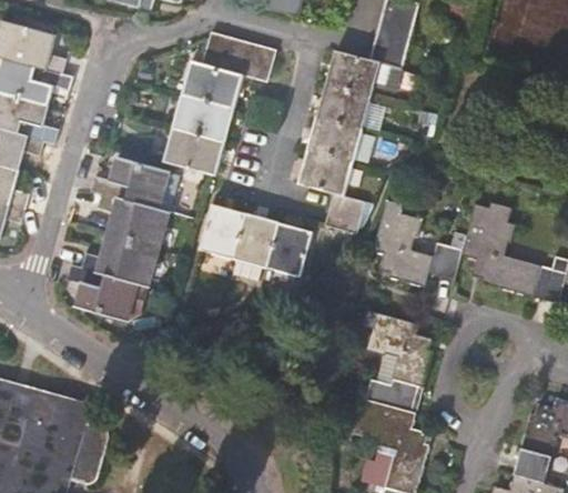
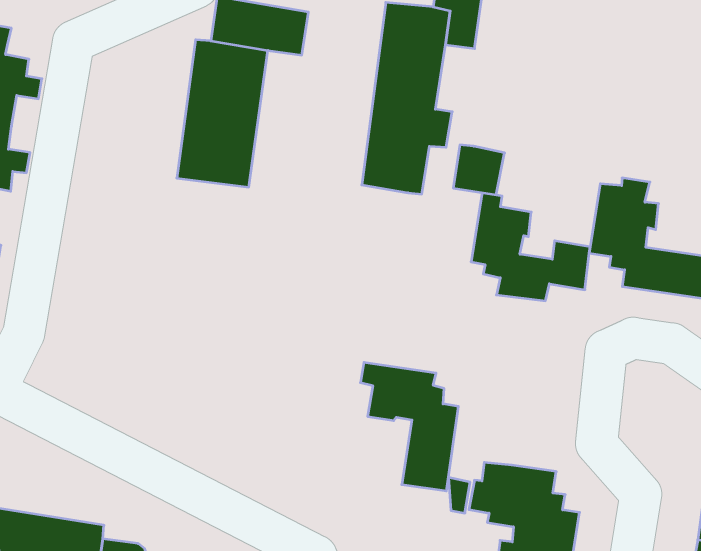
building: [67,155,171,319] -> none
building: [324,192,365,232] -> [453,145,505,195]
building: [201,203,312,279] -> none
building: [363,309,433,411] -> [360,362,458,491]

